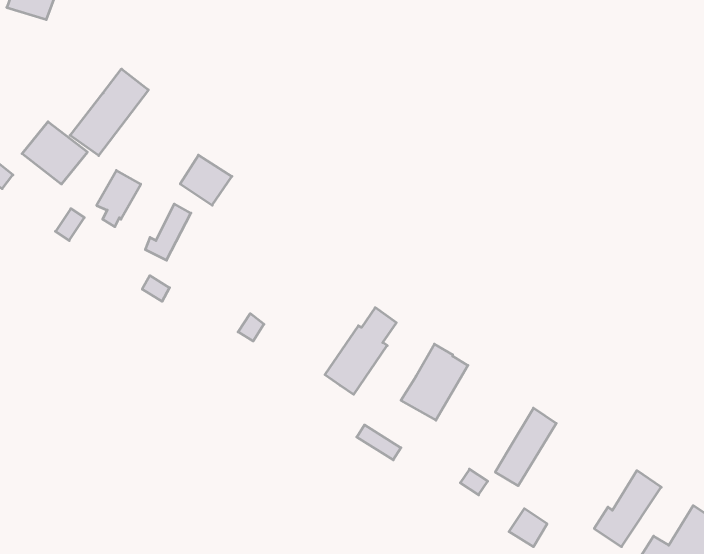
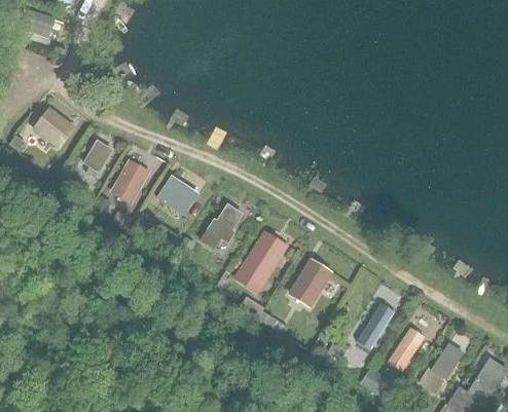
building: [70,69,148,156] -> none
building: [180,155,232,205] -> [164,179,198,213]
building: none -> [199,201,245,249]
building: none -> [387,327,425,371]

